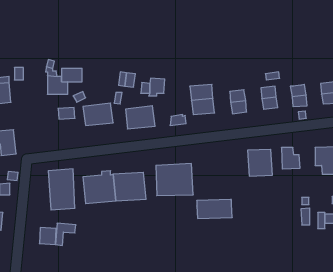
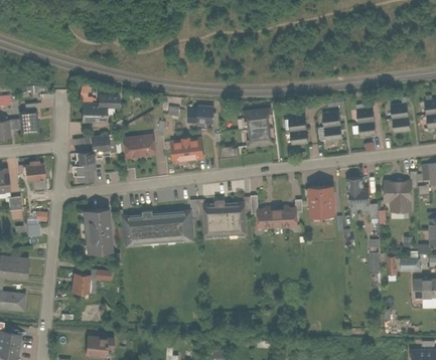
building: none -> [72,150,96,180]
building: [197,200,232,218] -> [258,205,298,226]

